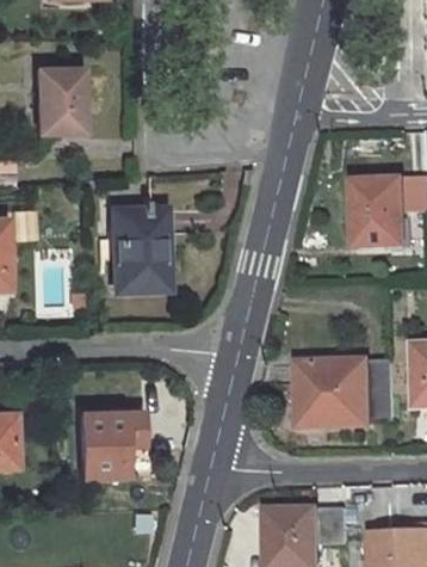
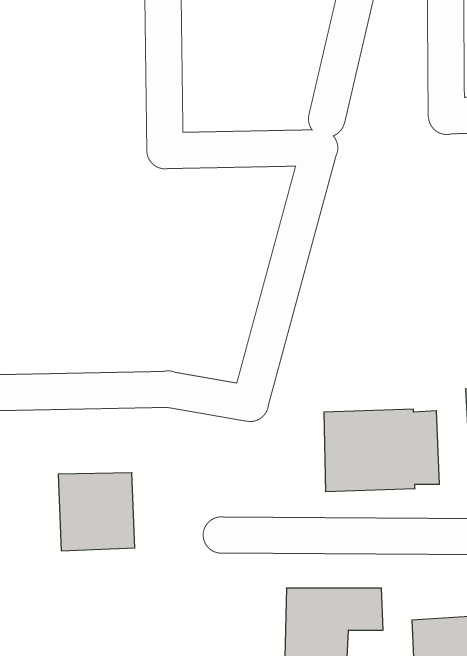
building: [39,66,83,130] -> none
building: [353,179,404,245] -> none
building: [109,207,166,286] -> none

